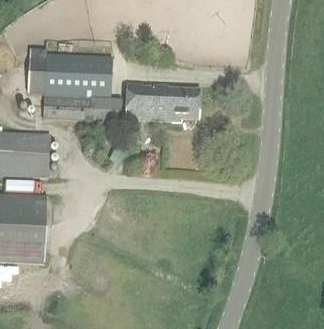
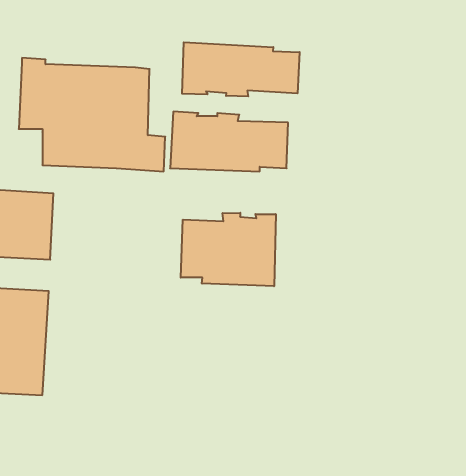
building: none -> [182,42,300,96]
building: none -> [181,213,276,286]

